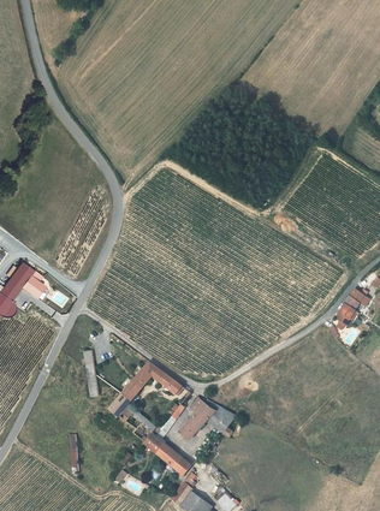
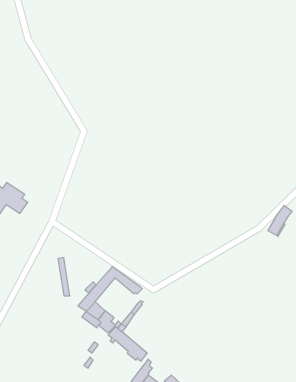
building: [179,398,237,440] -> none

